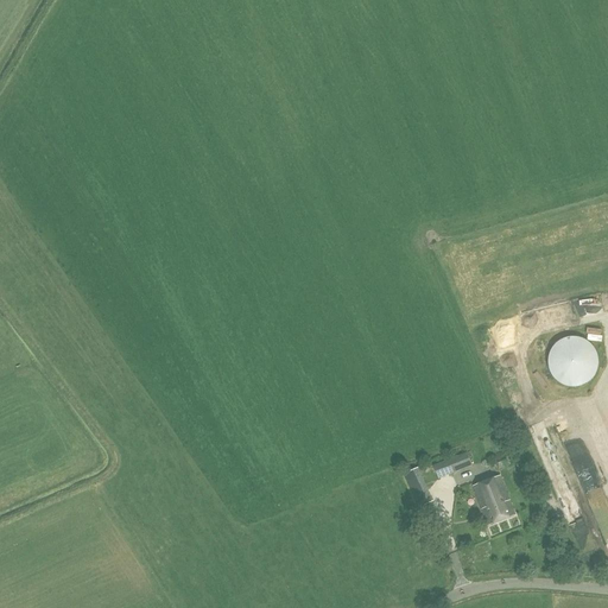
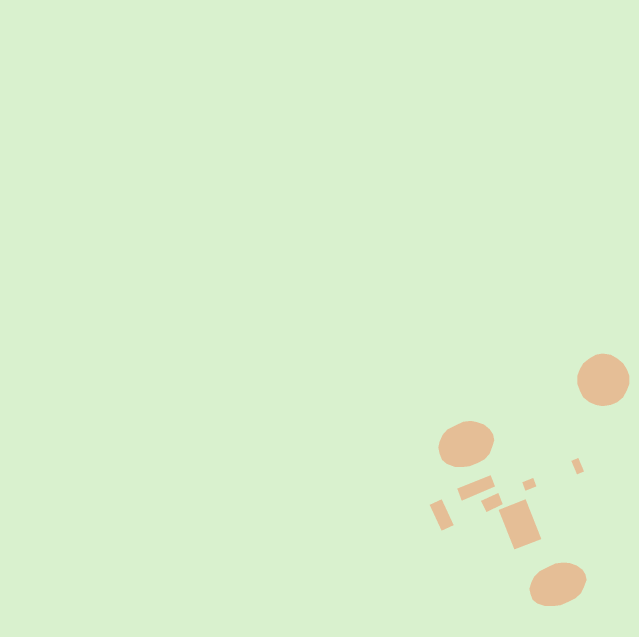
building: none -> [437,420,495,468]
building: none -> [529,562,587,607]

